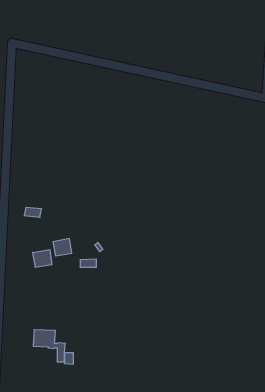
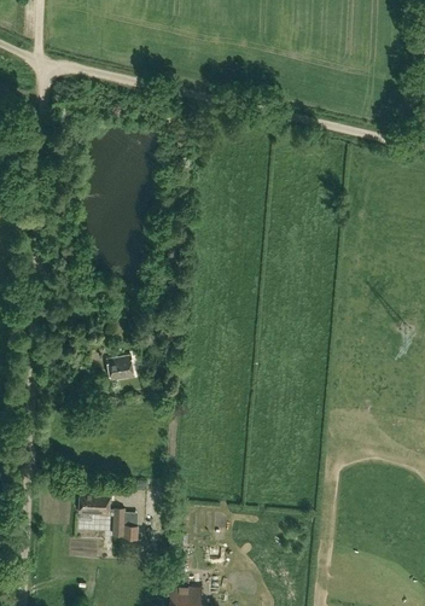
building: [33,250,52,267] -> none

